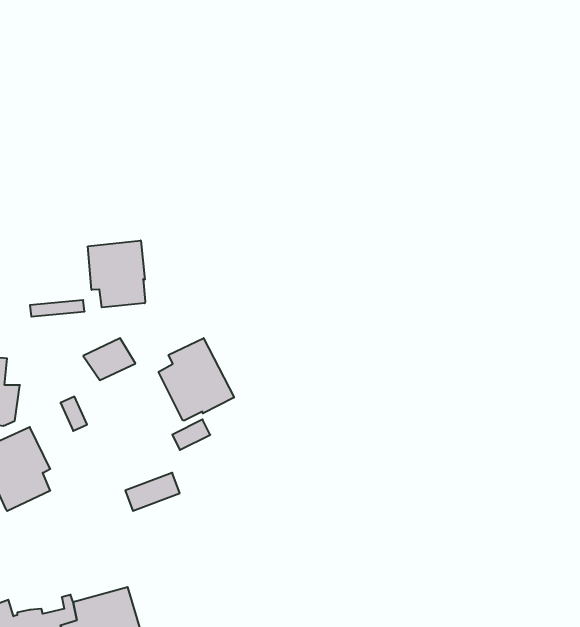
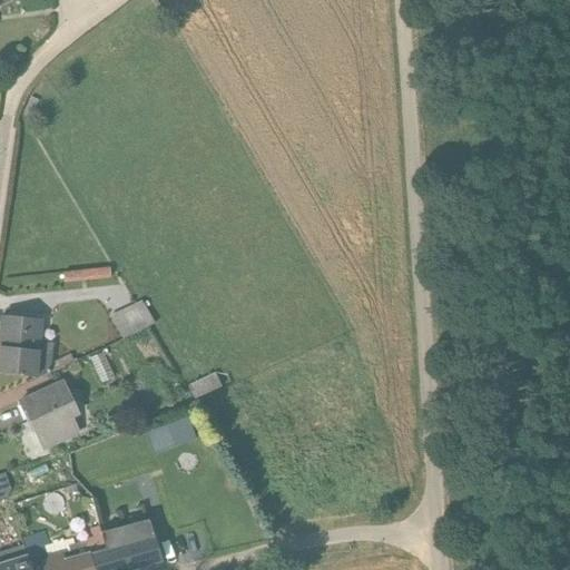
building: [88,240,145,307] -> none
building: [159,338,234,420] -> none

